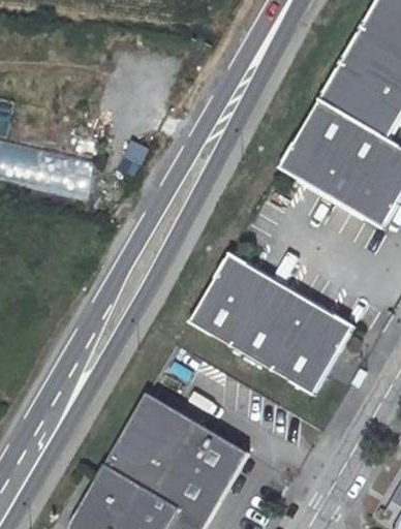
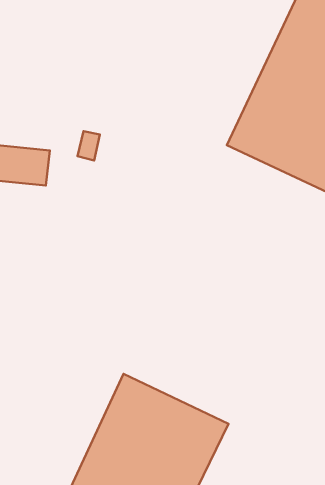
building: [188,254,354,398] -> none

